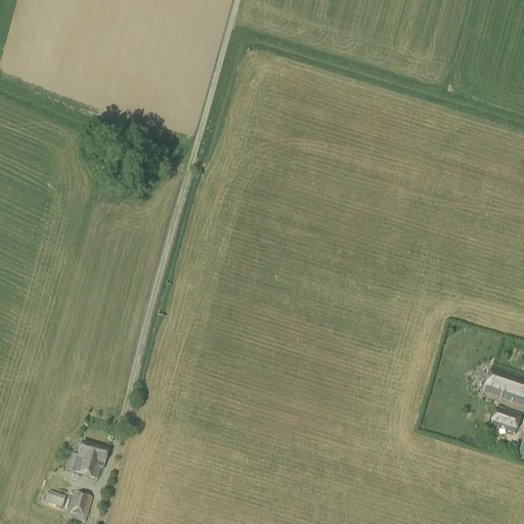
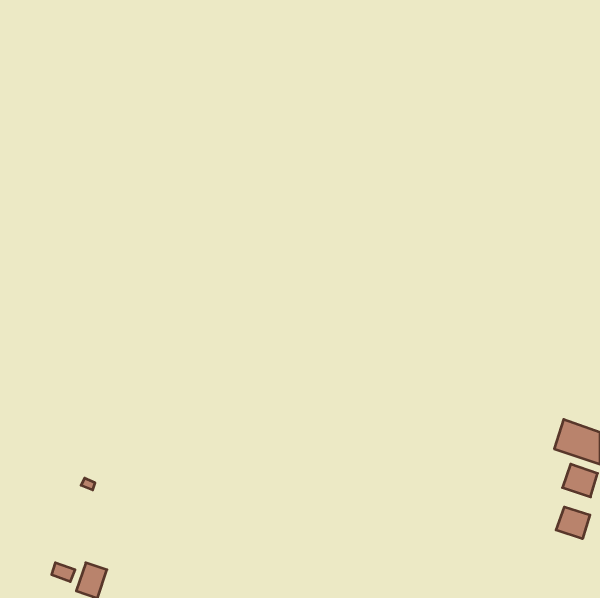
building: [67,441,108,478] -> none
building: none -> [556,507,590,539]

